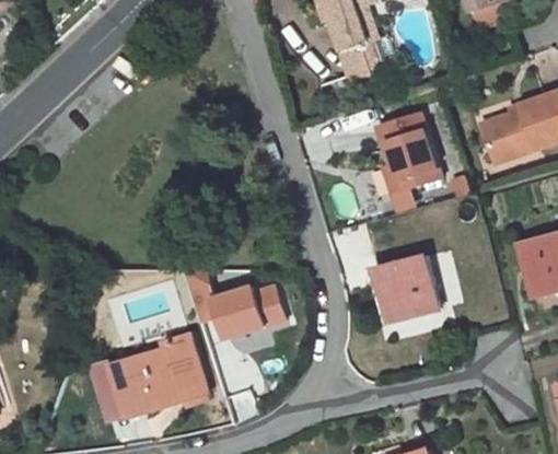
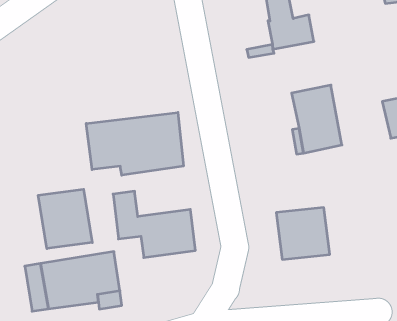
building: none -> [86,112,183,175]
building: none -> [38,189,92,249]

